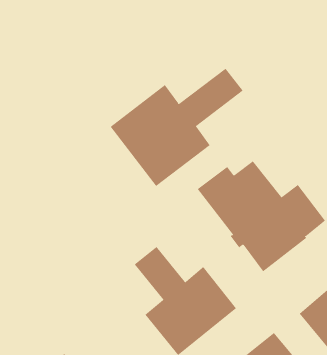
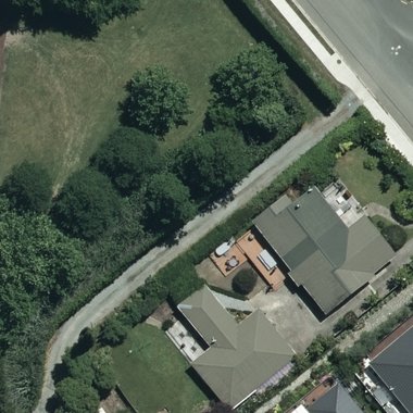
building: [110,68,244,187] -> none

